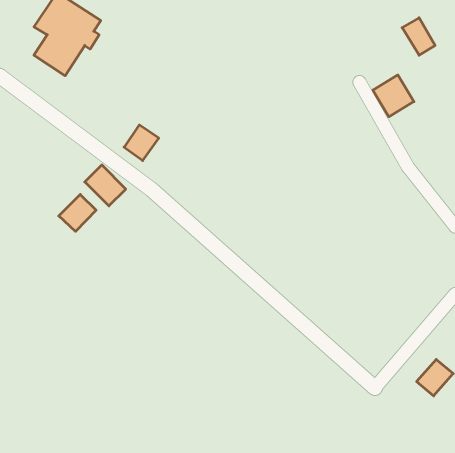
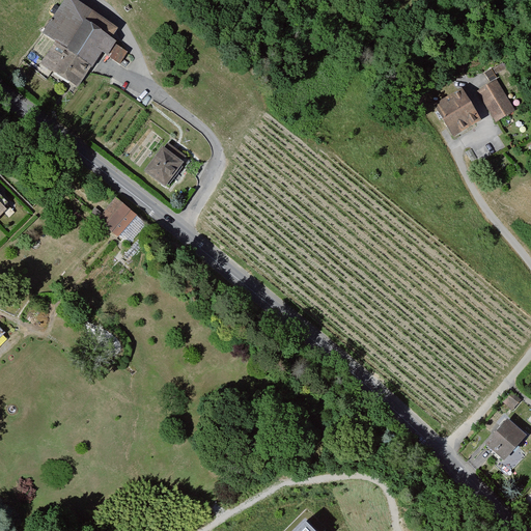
building: [402,18,435,55] -> [475,78,513,121]
building: [59,194,96,231] -> none

